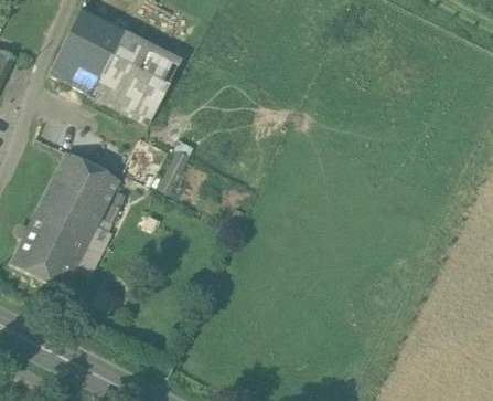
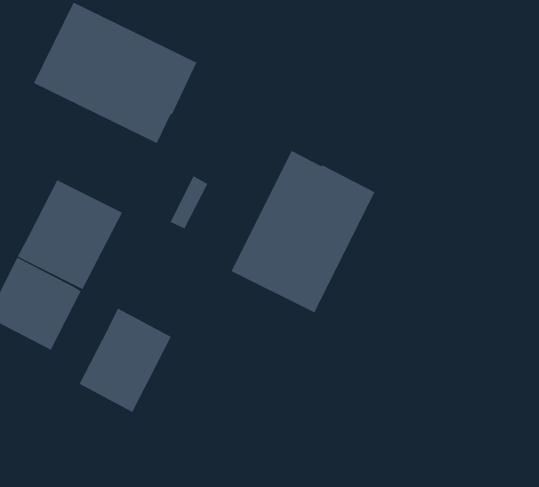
building: none -> [231,150,375,313]
building: none -> [79,308,172,413]

